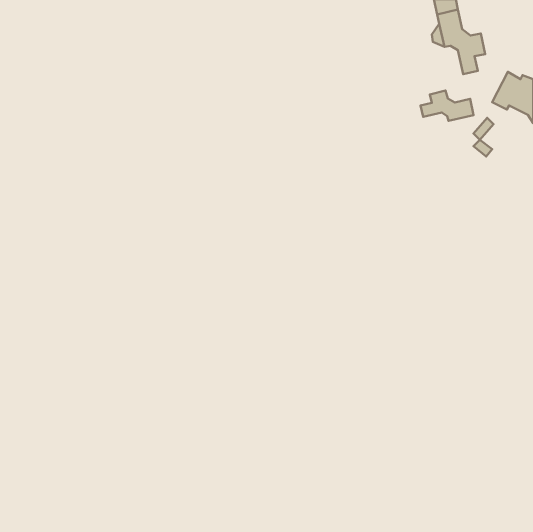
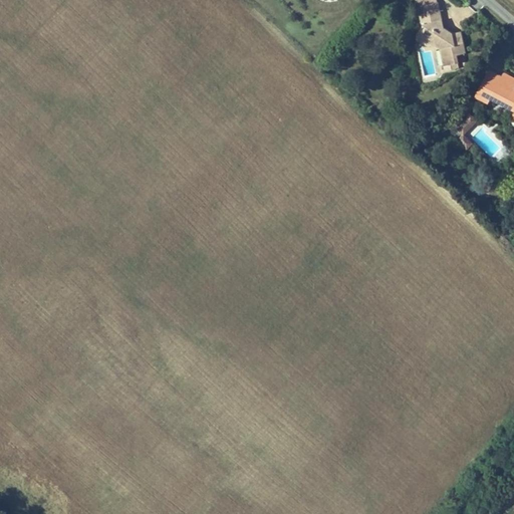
building: [421,91,473,121] -> none

